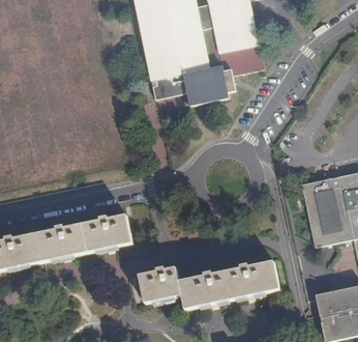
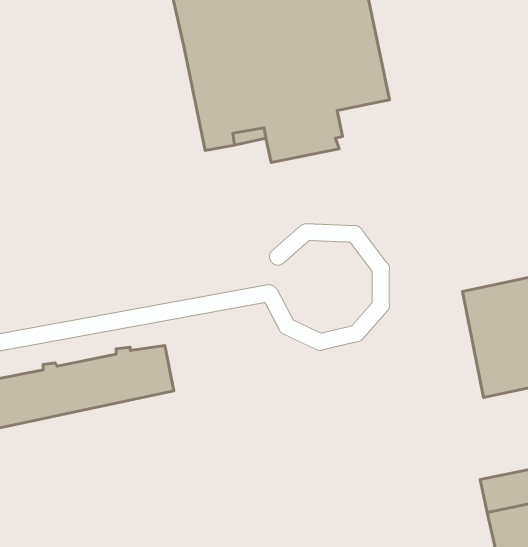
building: [139,261,280,309] -> none

